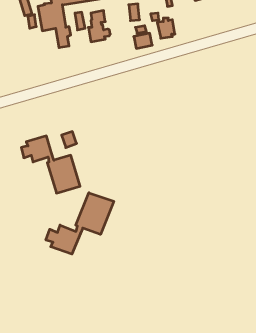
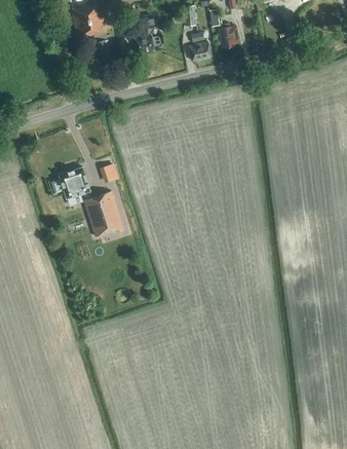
building: [46,193,114,254] -> none

